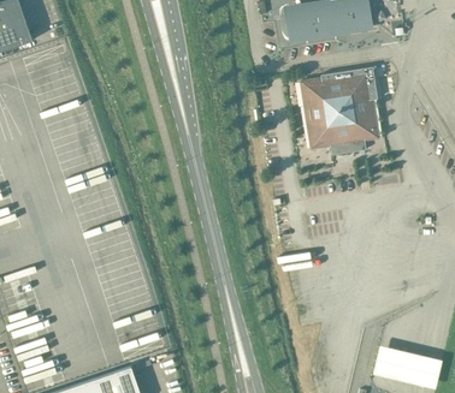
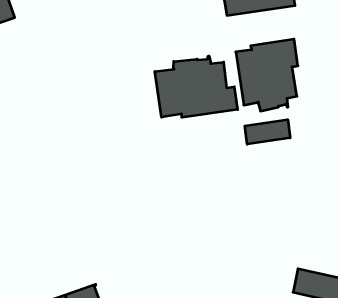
building: none -> [155,56,238,117]
building: none -> [245,120,290,144]

